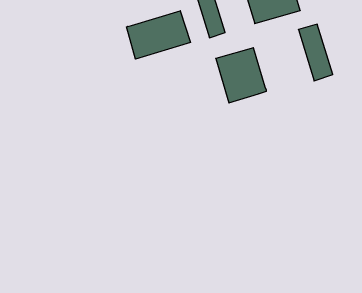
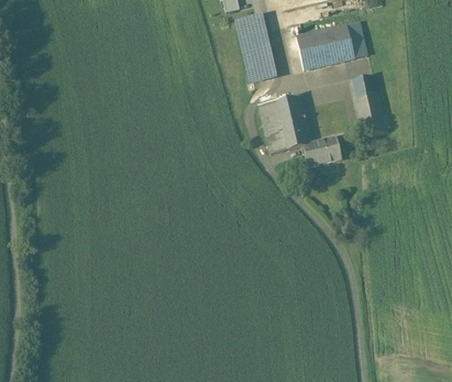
building: [127,11,190,59] -> none
building: none -> [302,135,341,166]

